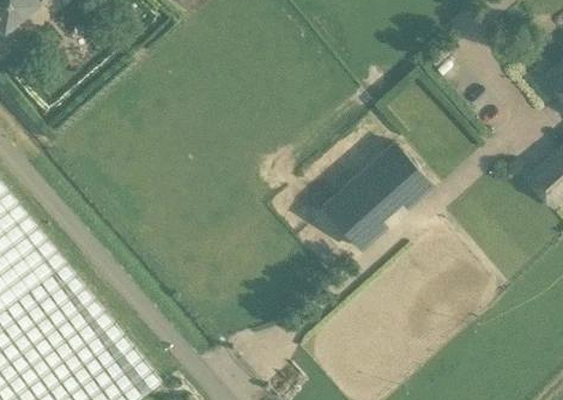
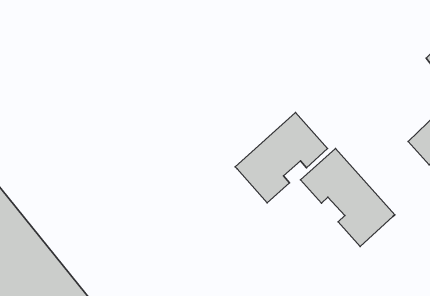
building: none -> [301,148,395,246]

